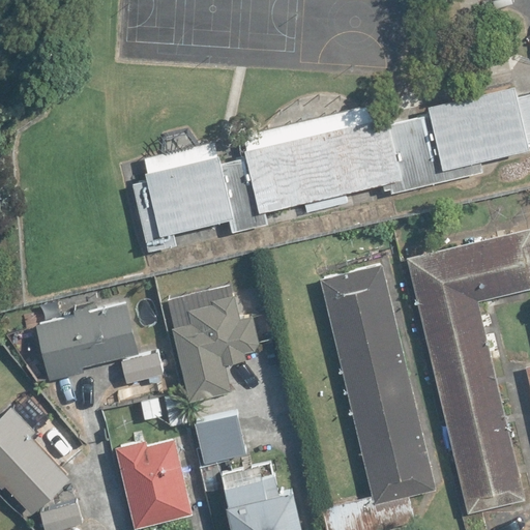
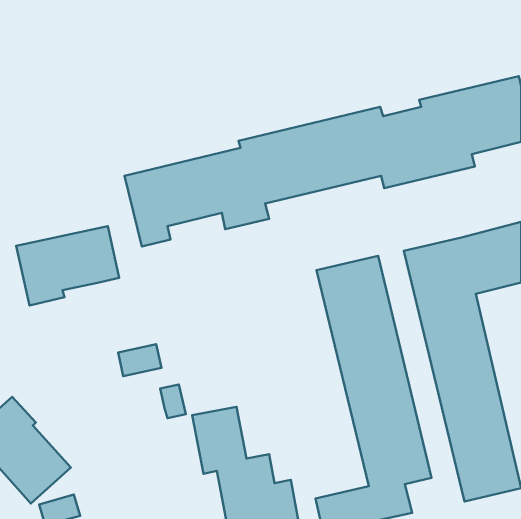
building: [166,285,259,402] -> none
building: [36,302,140,382] -> [16,226,119,305]
building: [117,439,192,524] -> none

